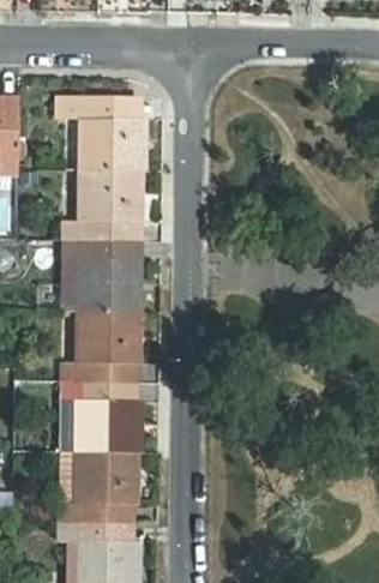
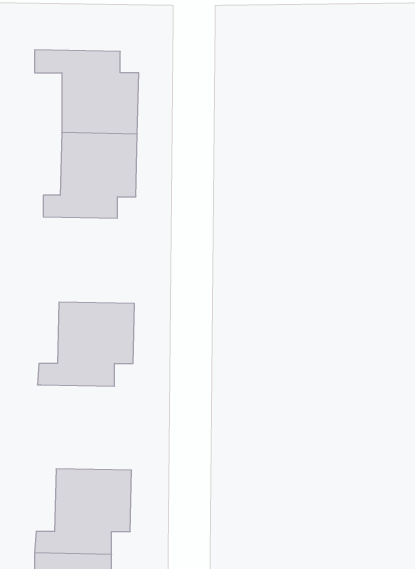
building: [62,239,142,312] -> none
building: [60,380,139,452] -> none

